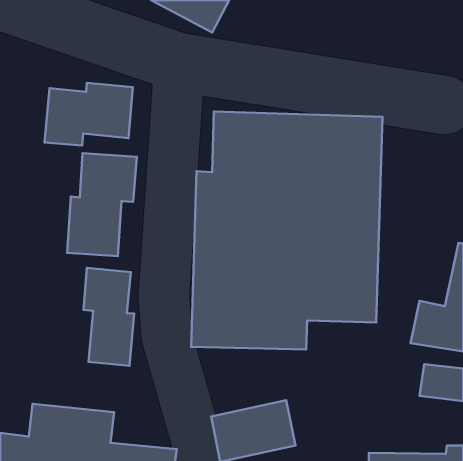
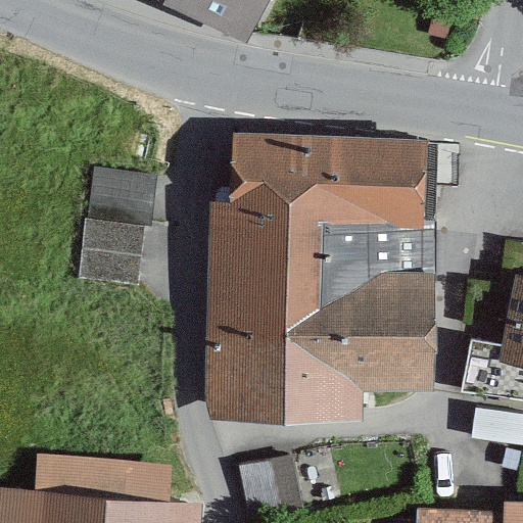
building: [45,83,133,145] -> none
building: [84,268,134,366] -> none

